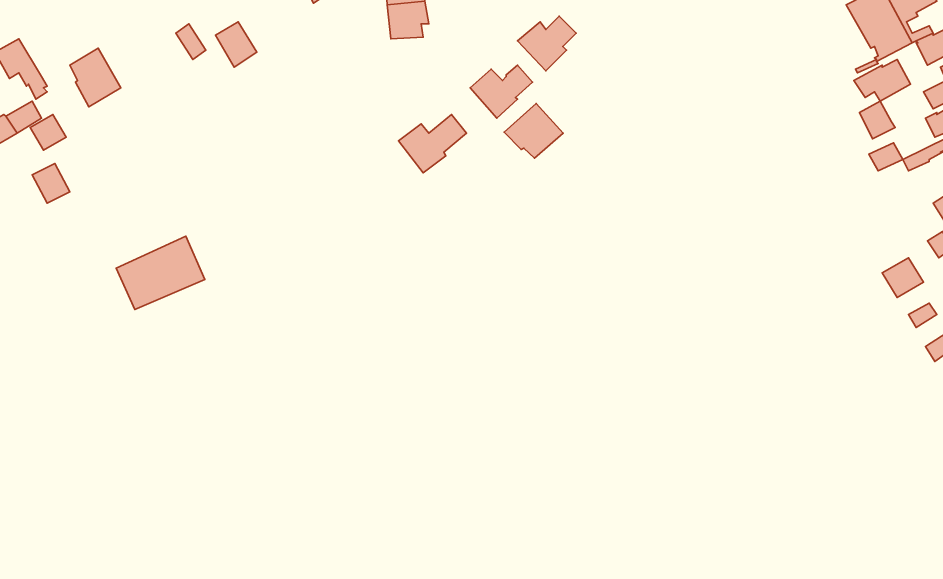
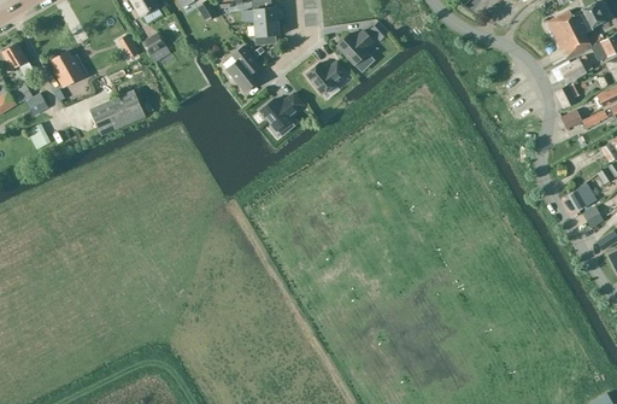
building: none -> [227,45,260,90]
building: [504,104,563,158] -> none
building: [116,236,205,310] -> [89,89,146,136]

